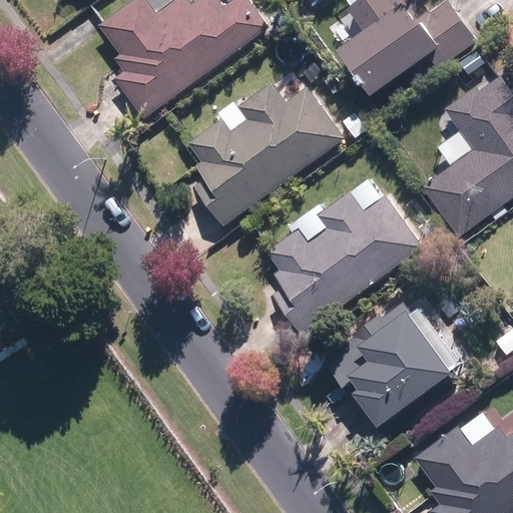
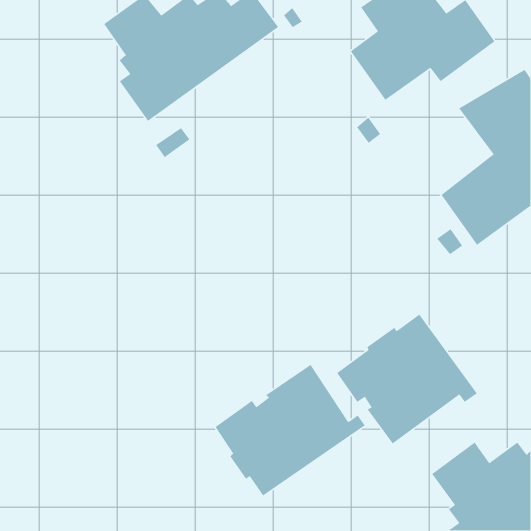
building: [188,82,343,225] -> none
building: [266,191,423,335] -> none
building: none -> [215,364,366,497]

